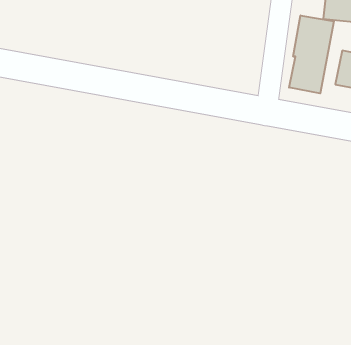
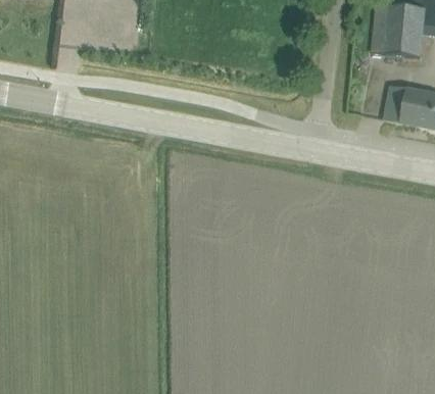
building: [289,15,334,93] -> none

